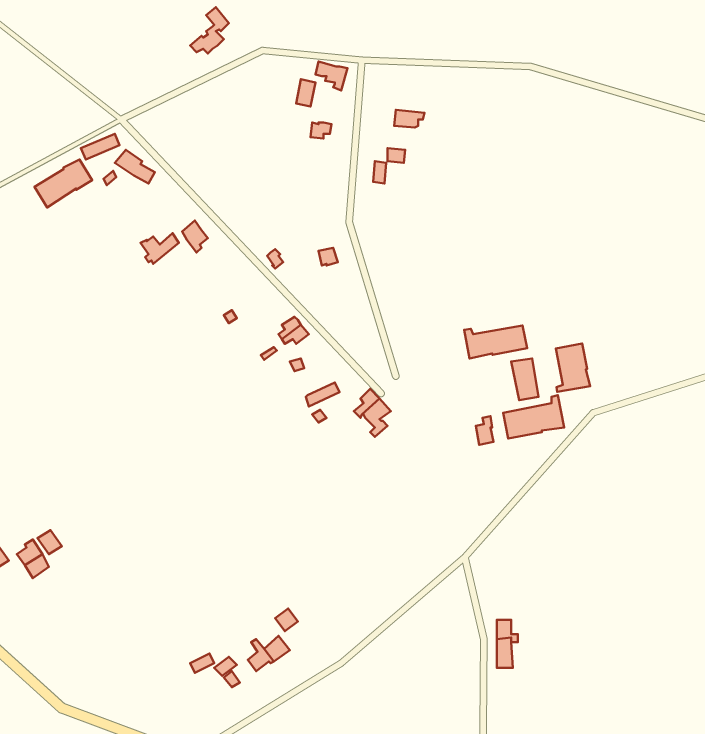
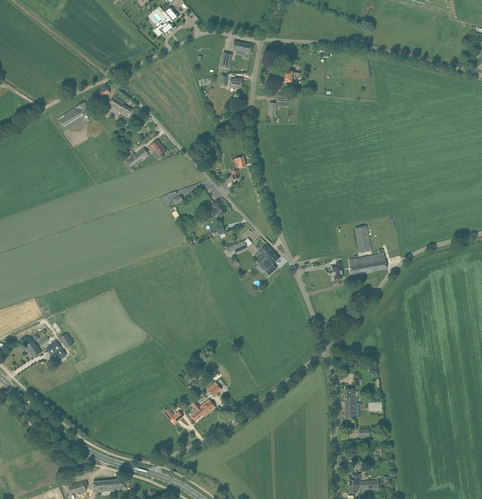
building: [464,325,527,359] -> none
building: [556,344,590,392] -> none

